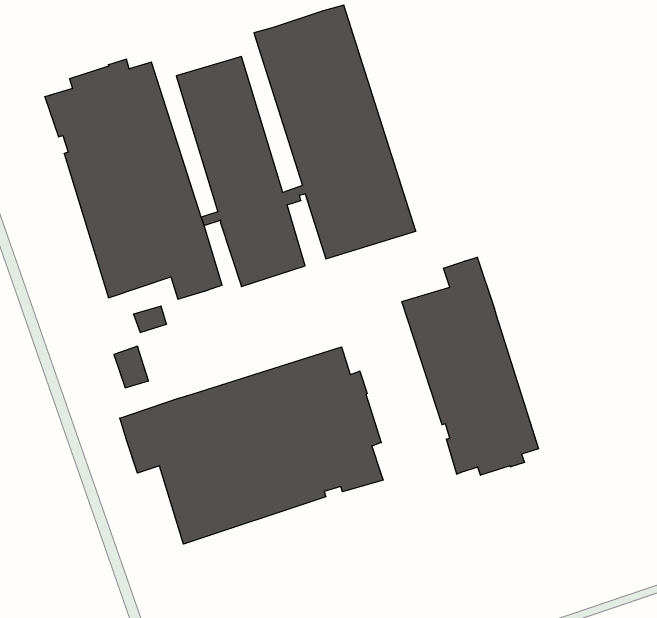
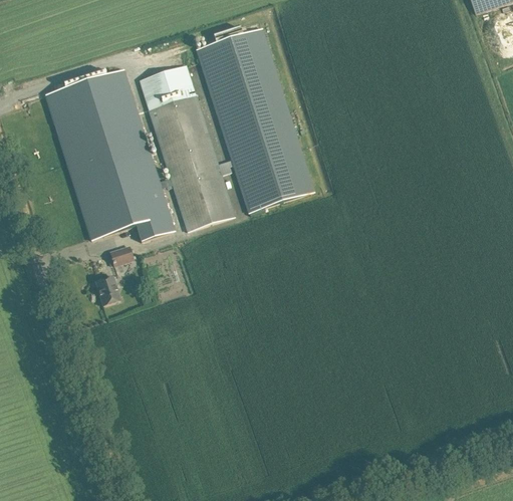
building: [402,257,538,475] -> none
building: [120,347,383,544] -> none

